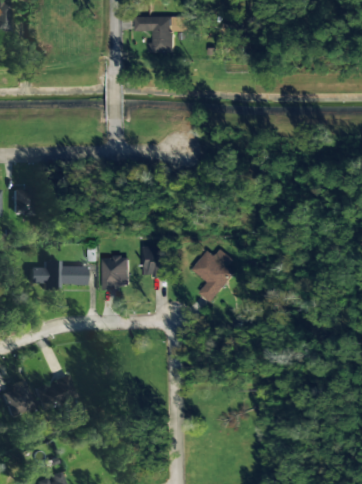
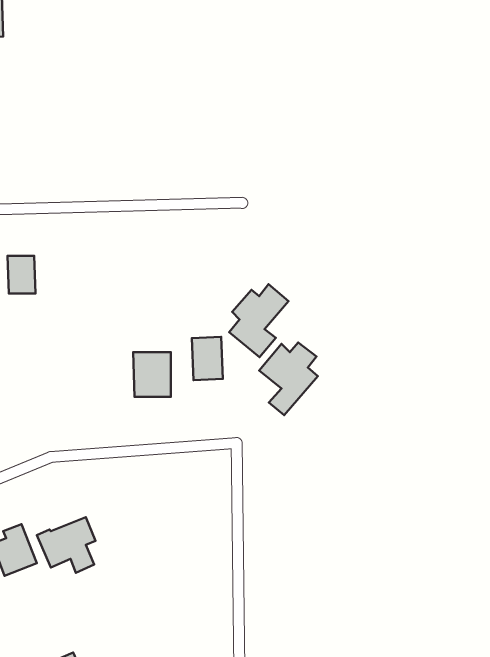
building: [136,17,190,52] -> none
building: none -> [229,284,289,357]
building: [31,260,87,289] -> none

